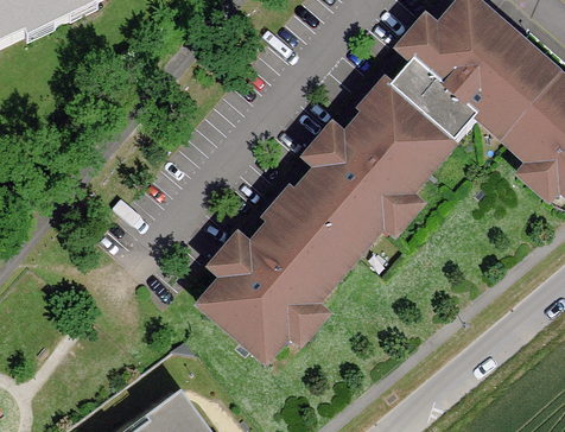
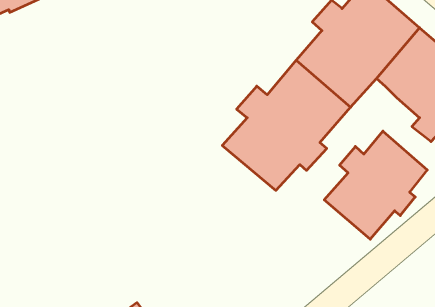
building: none -> [324,131,427,239]
building: [199,198,355,356] -> none

